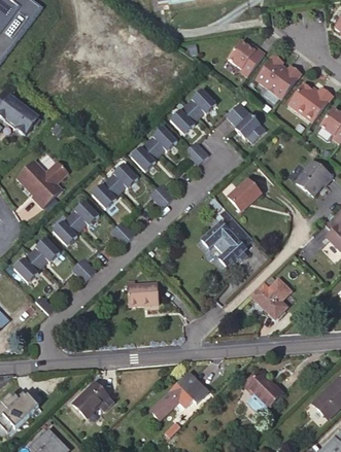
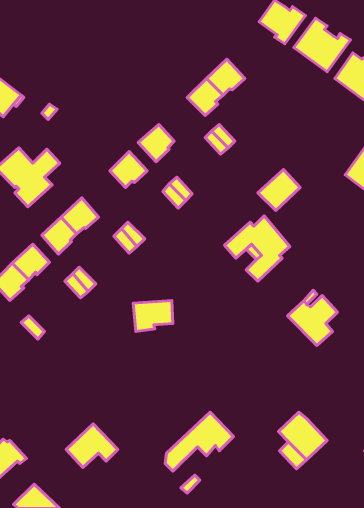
building: [226,103,265,143] -> none
building: [147,126,177,154] -> none
building: [92,178,121,208] -> none

